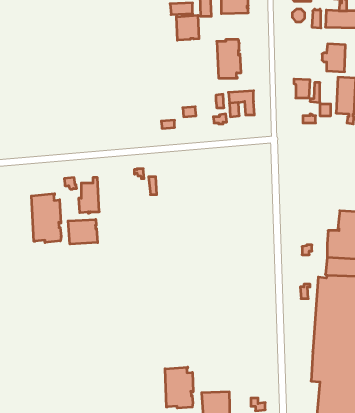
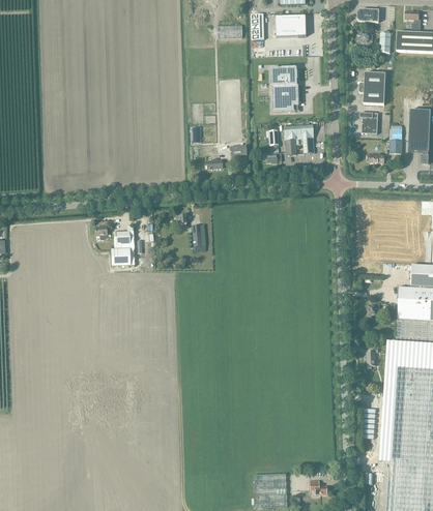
building: [176,15,199,40] -> none
building: [322,44,345,72] -> [359,71,386,103]
building: [31,194,61,243] -> none
building: [68,219,98,244] -> none
building: [165,367,193,408] -> none

